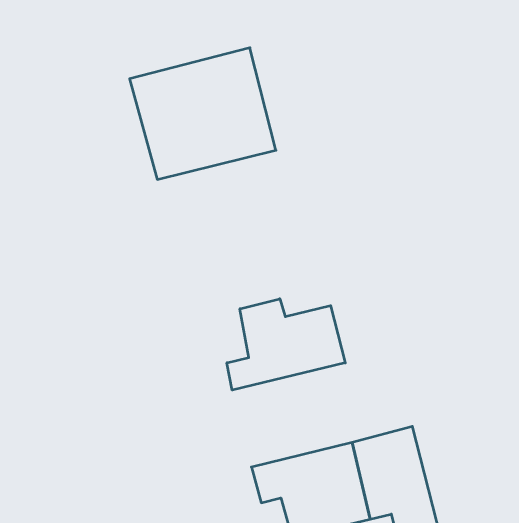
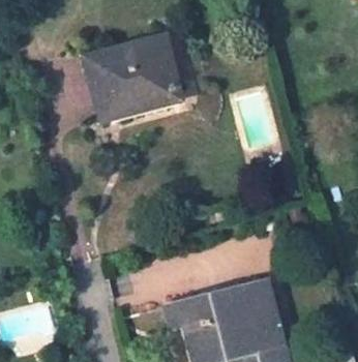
building: [227,299,345,390] -> none

